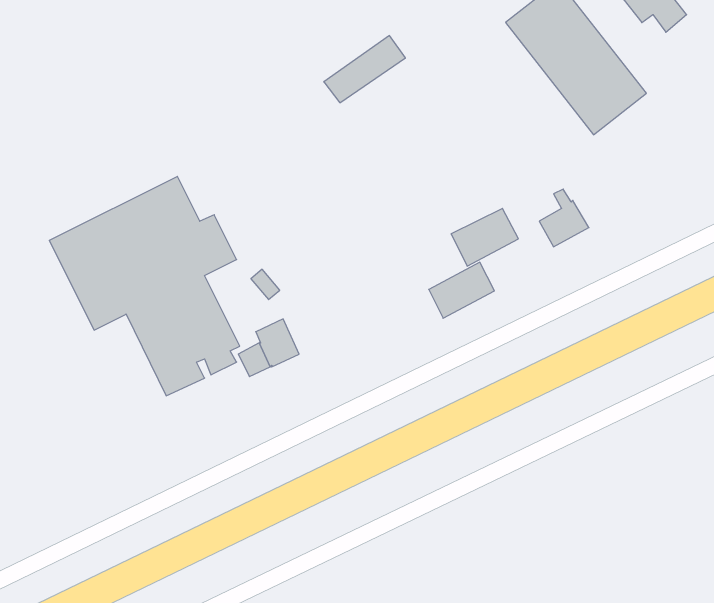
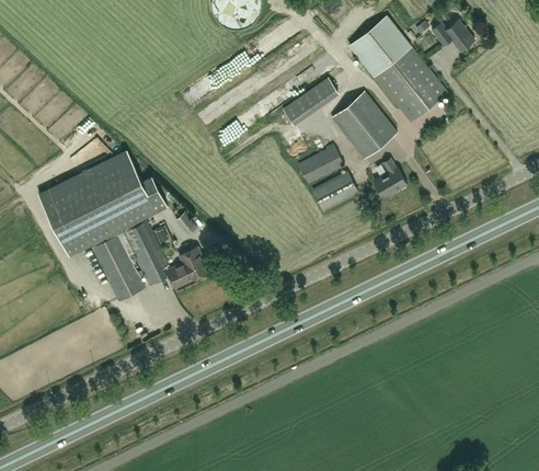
building: [324,36,405,103] -> [282,77,337,123]
building: none -> [331,92,398,160]
building: [429,262,494,318] -> [298,145,343,183]

